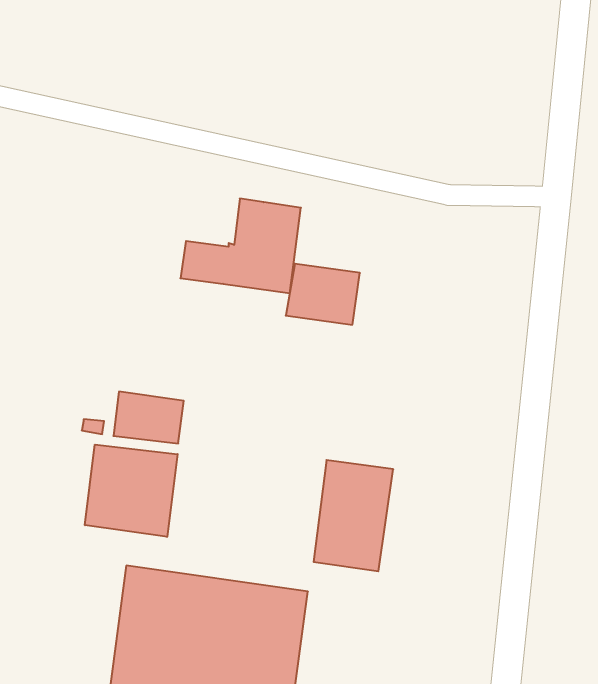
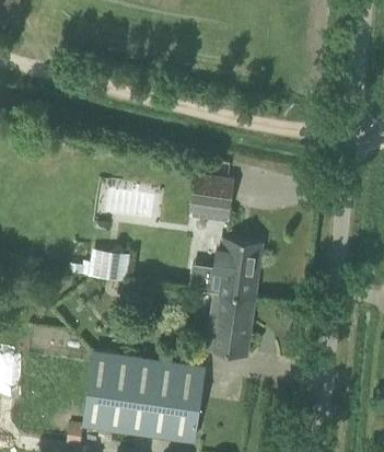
building: [180,199,301,293] -> [189,241,260,297]
building: [85,445,178,537] -> none

